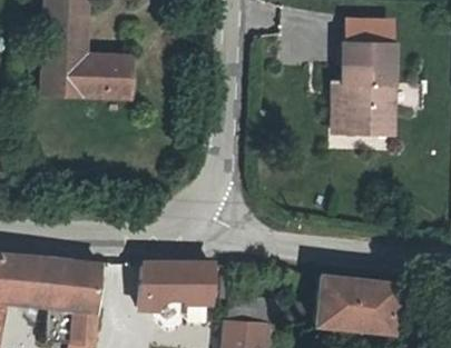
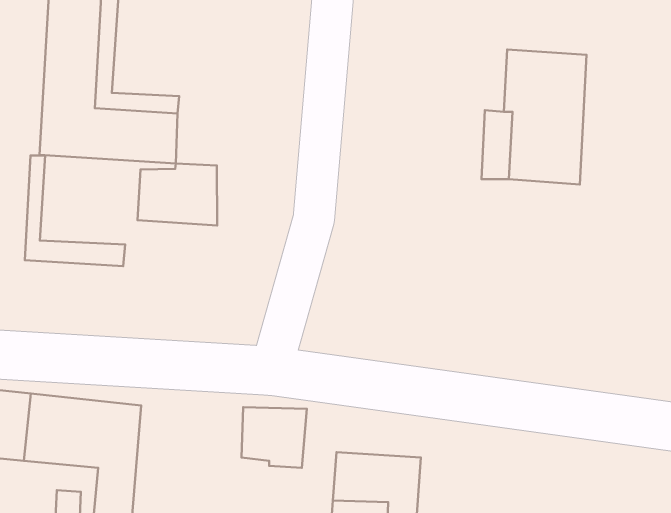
building: none -> [25,155,125,266]
building: none -> [138,164,217,225]
building: [144,265,169,307] -> none
building: [322,269,402,322] -> none

